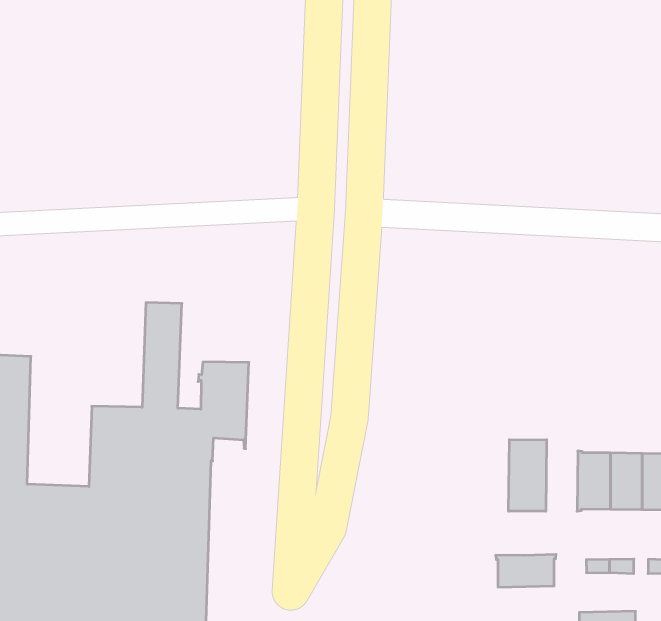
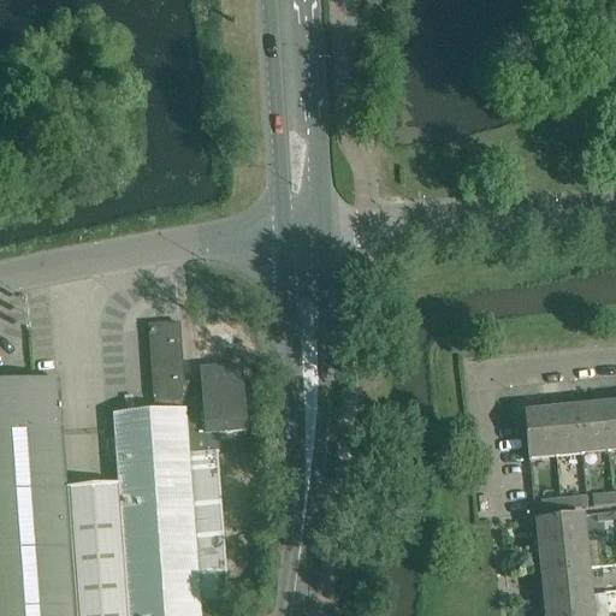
building: [509,440,547,511] -> none
building: [496,554,556,587] -> [534,511,586,544]

